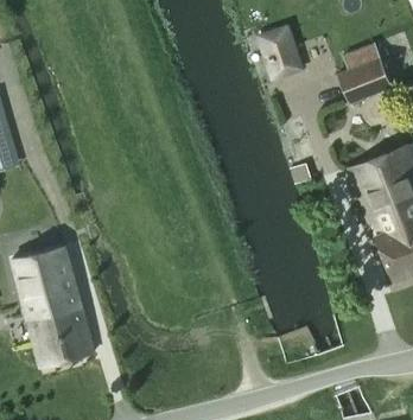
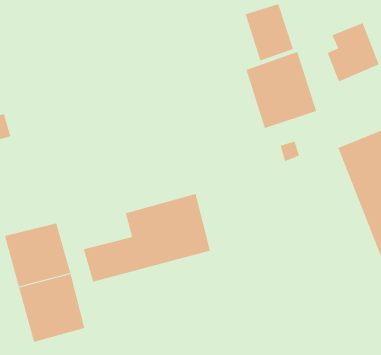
building: none -> [246,51,317,129]
building: none -> [83,193,211,283]

